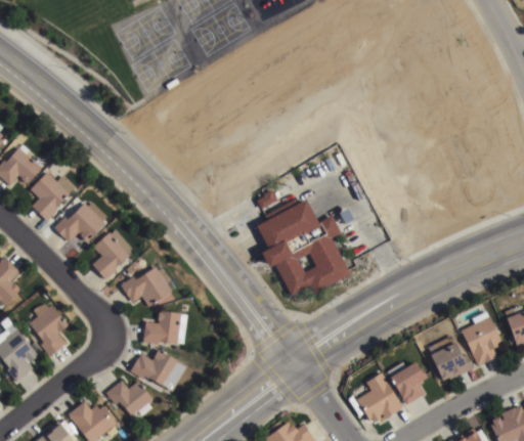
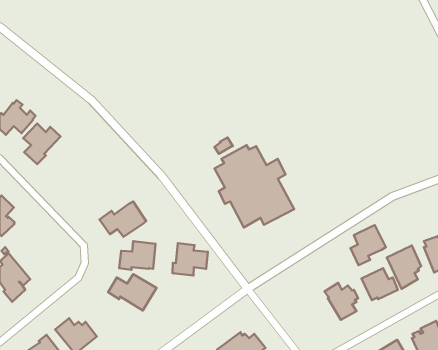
building: [53,201,106,242] -> none
building: [91,230,131,279] -> none
building: none -> [351,225,386,265]
building: [29,302,68,357] -> none
building: none -> [172,243,208,275]
building: [356,372,402,423] -> none
building: [105,381,152,416] -> none

